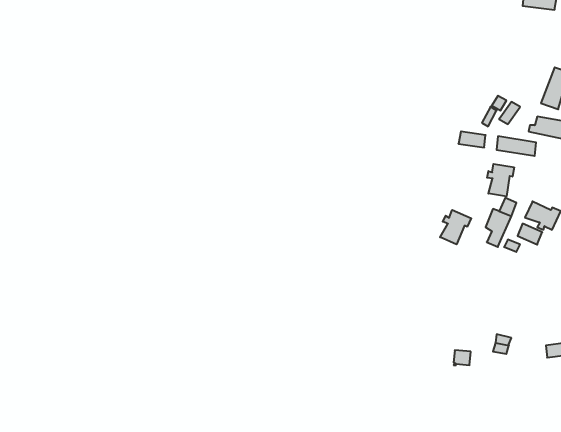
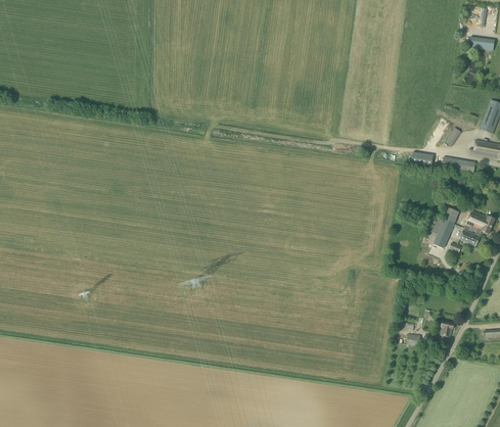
building: [487,164,514,196] -> none
building: [440,210,471,244] -> none

